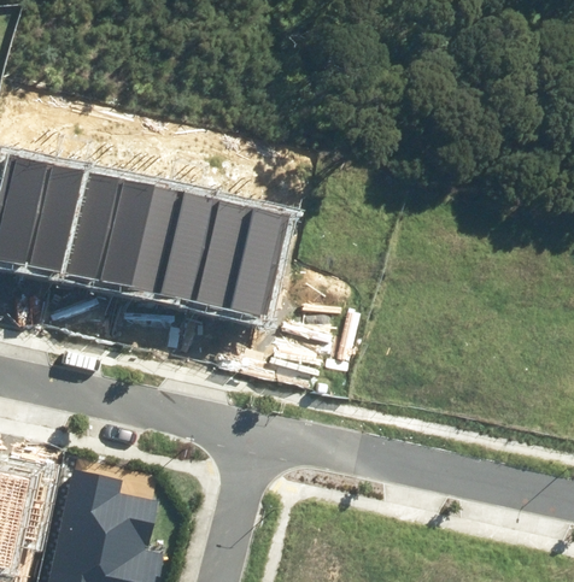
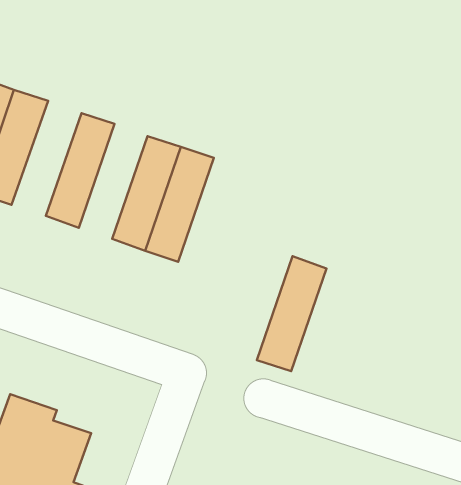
building: [53,166,113,283] -> none
building: [124,182,183,299] -> none
building: [229,205,289,322] -> [257,256,327,371]

